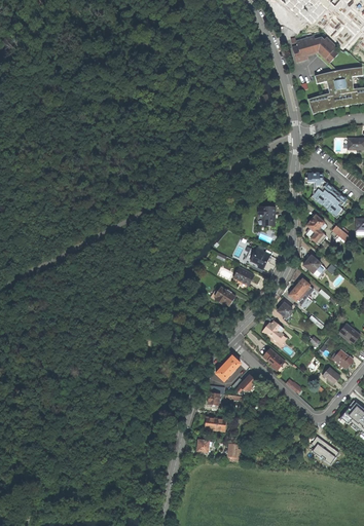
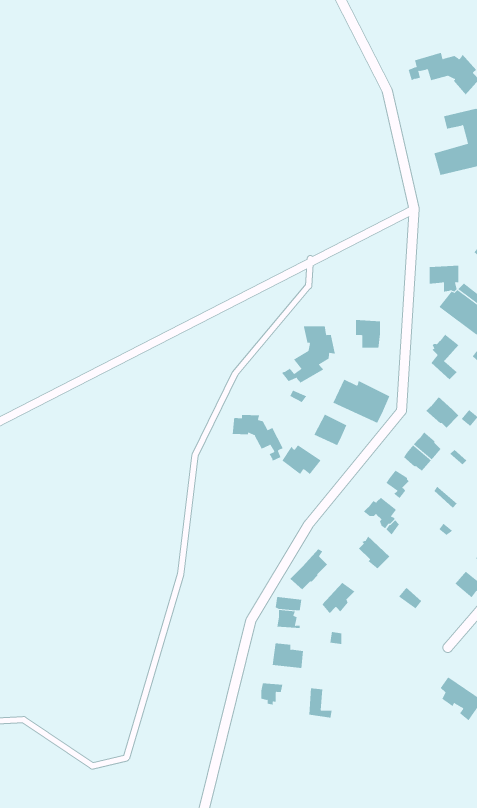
building: none -> [281,325,336,384]
building: none -> [232,414,283,461]

